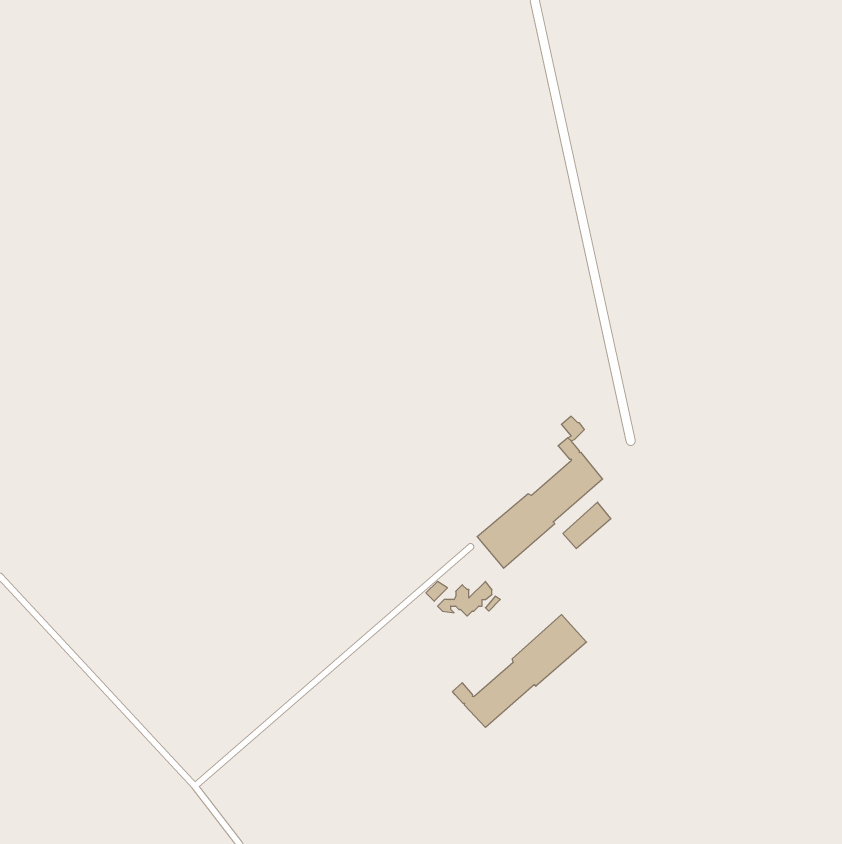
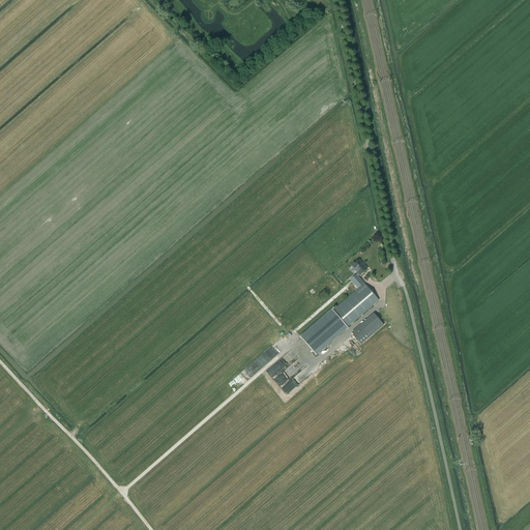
building: [453,615,587,727] -> none

